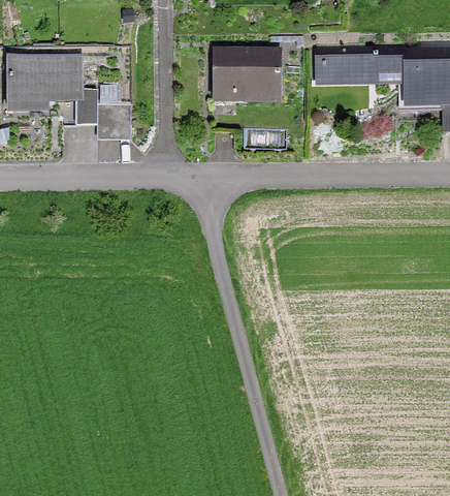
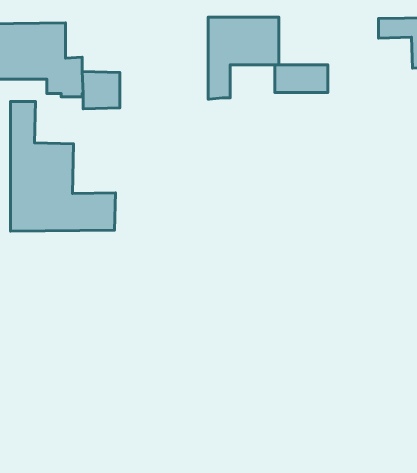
building: [316,54,365,80] -> [275,65,328,92]
building: none -> [10,101,116,231]

